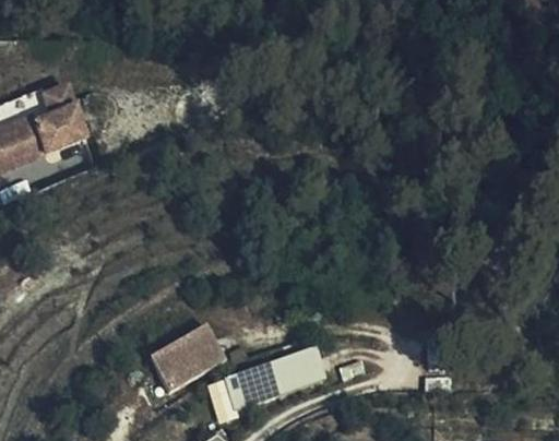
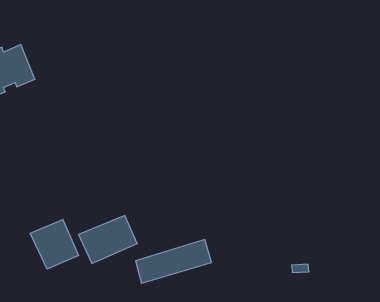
building: none -> [30,219,79,269]

